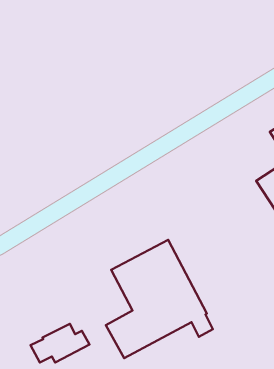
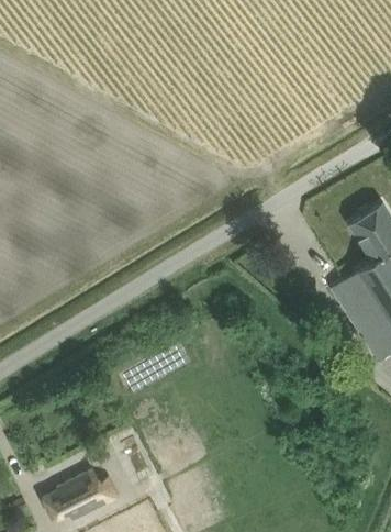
building: [106,240,213,358] -> none

